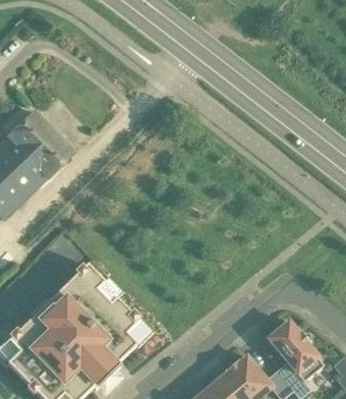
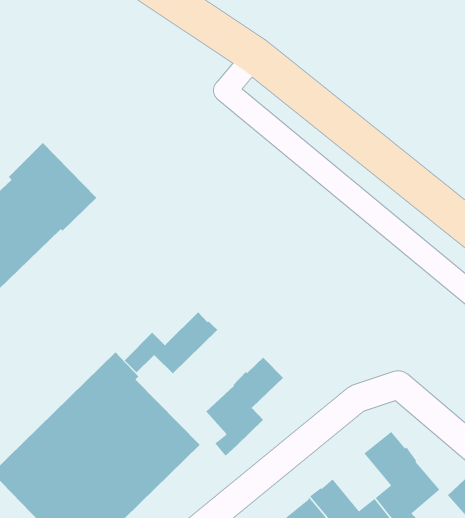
building: none -> [124,312,218,374]
building: none -> [205,357,284,456]

